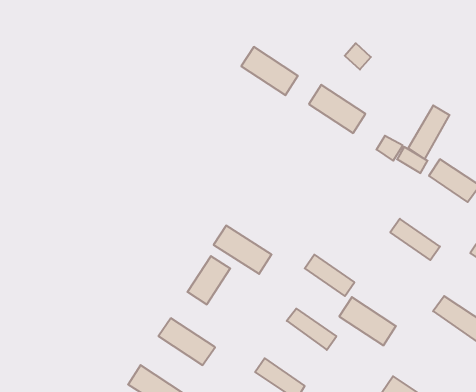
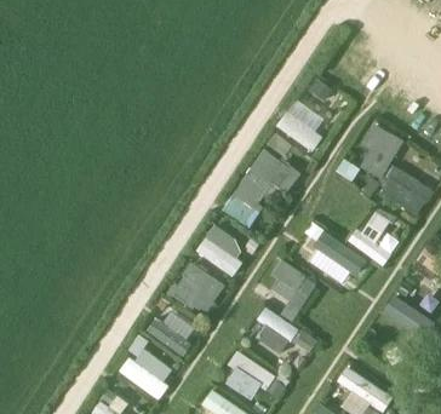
building: [241,47,298,95] -> [251,151,300,194]
building: none -> [227,176,264,218]
building: [339,297,396,345] -> [314,230,363,272]

